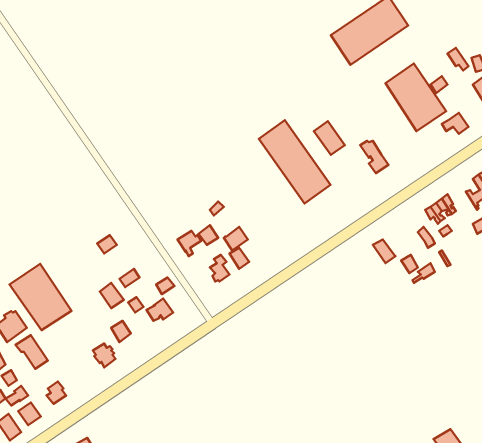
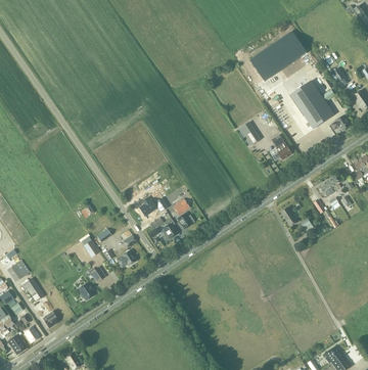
building: [259,120,330,204] -> none
building: [10,264,72,330] -> none

